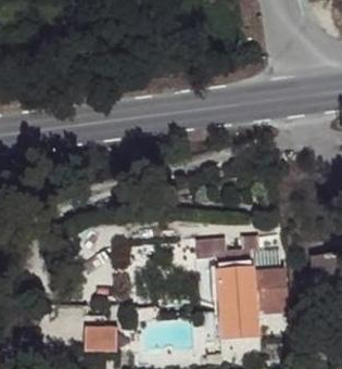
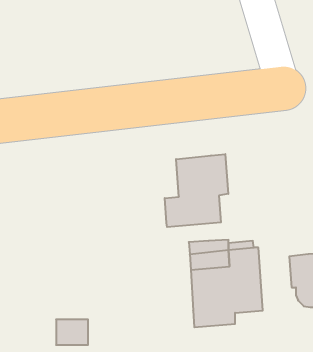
building: none -> [165,154,228,227]

